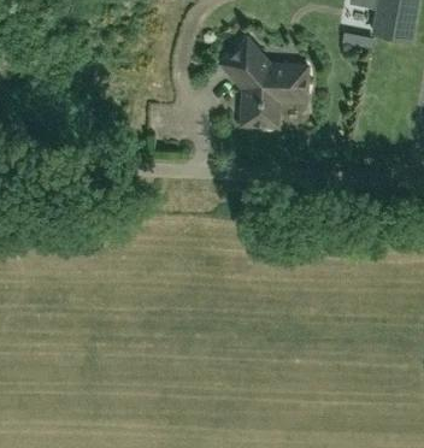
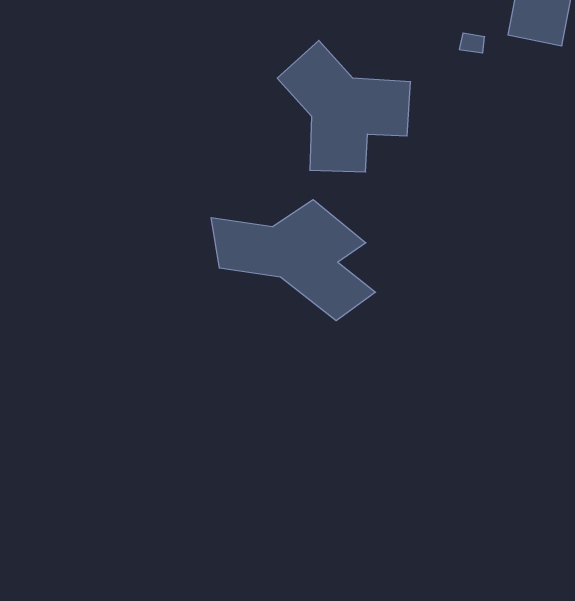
building: none -> [211,200,376,321]

